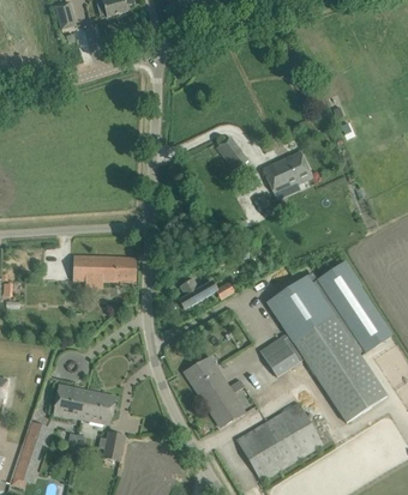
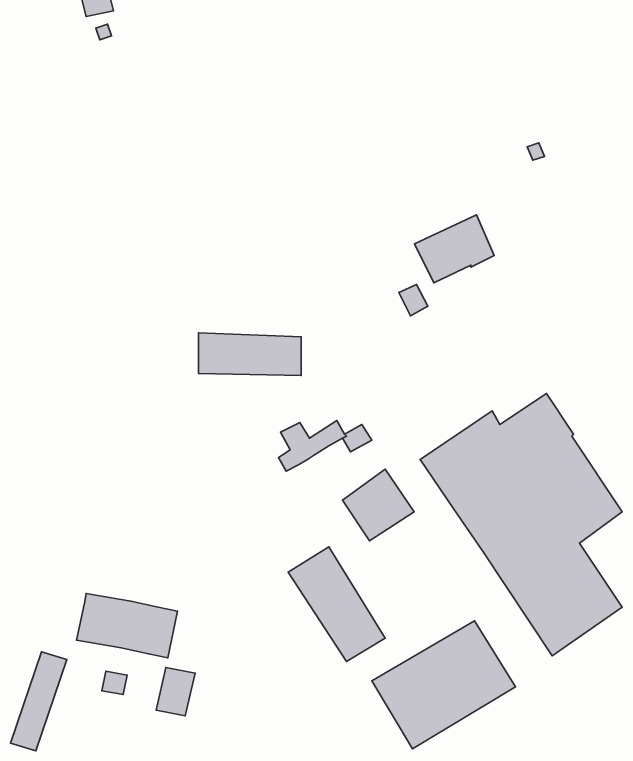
building: [215,137,247,170] -> none
building: [72,255,136,282] -> [198,333,301,376]
building: [259,332,304,376] -> [342,469,414,541]

